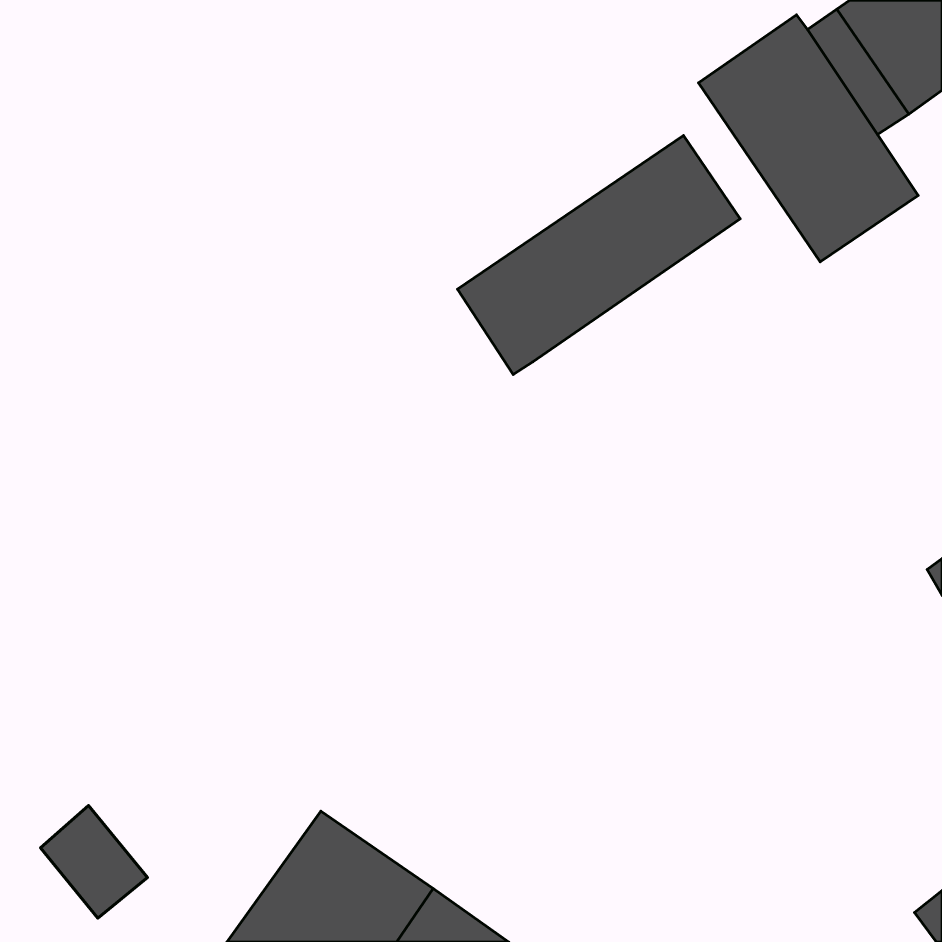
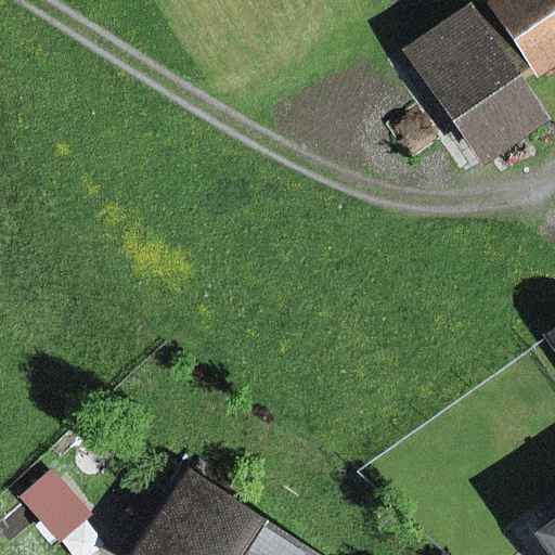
building: [458,135,740,374] -> none

